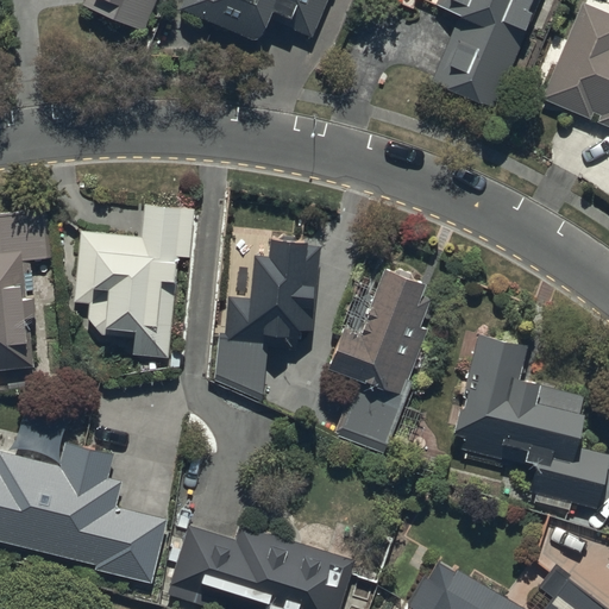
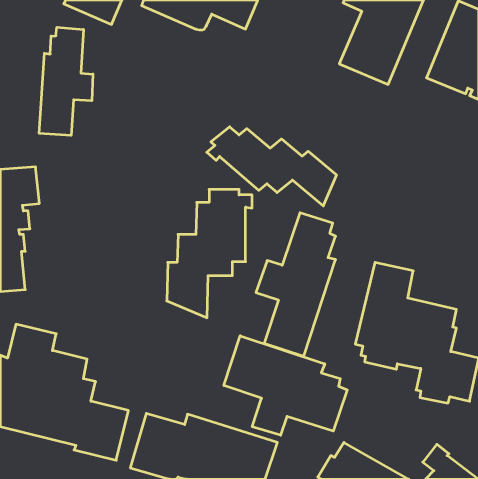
building: none -> [39,27,93,135]
building: none -> [207,127,336,206]
building: [74,206,192,358] -> none
building: none -> [224,336,347,435]

